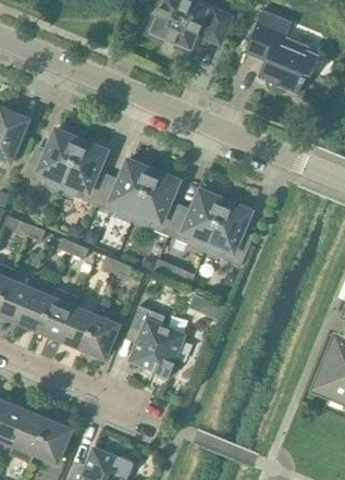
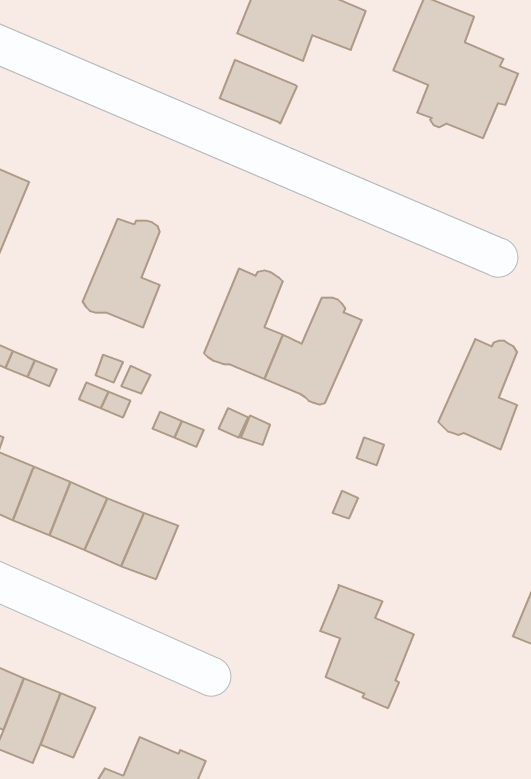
building: none -> [220,60,297,124]
building: [23,127,81,190] -> none
building: [96,158,152,221] -> none
building: [204,201,250,267] -> [438,339,517,449]
building: [127,306,183,379] -> [320,585,414,708]

